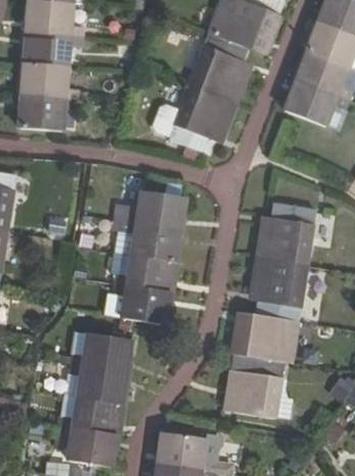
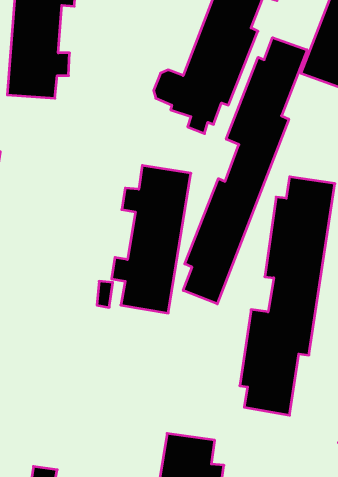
building: none -> [183,38,307,304]
building: [63,334,133,467] -> none

